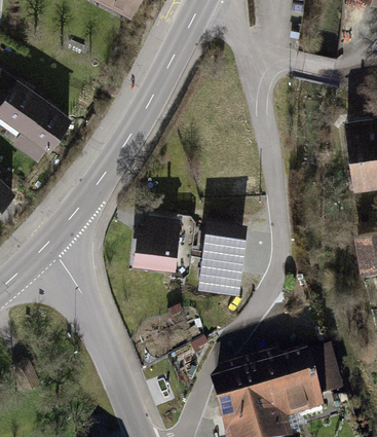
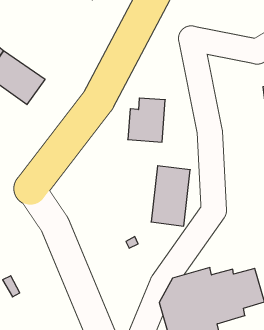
building: [133,215,180,270] -> [128,98,165,142]

